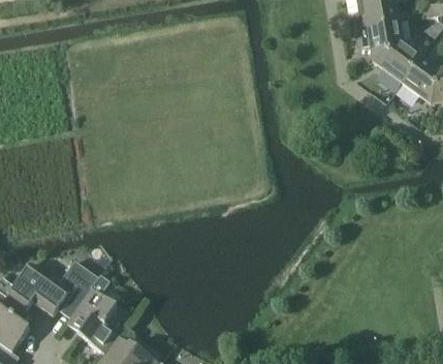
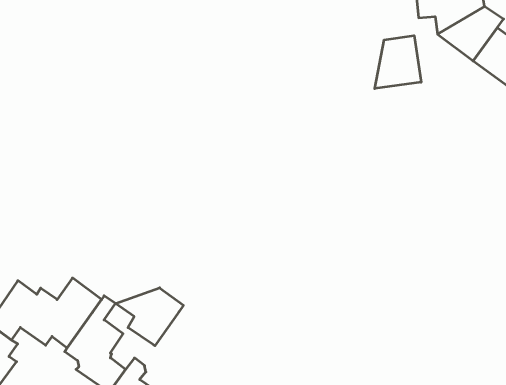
building: none -> [375,36,421,89]
building: none -> [115,288,183,346]

